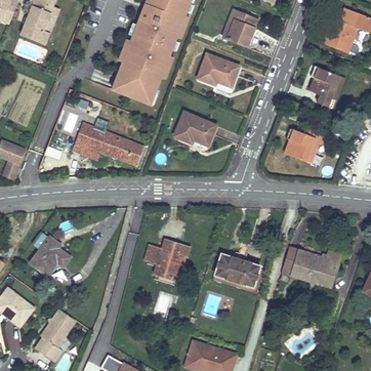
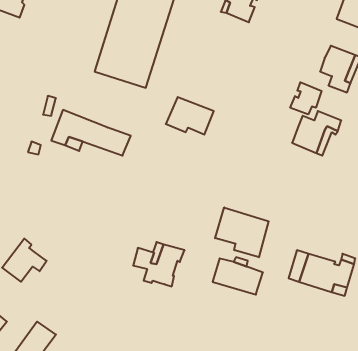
building: [197,54,238,87] -> none
building: none -> [290,82,322,114]
building: none -> [215,207,269,257]

